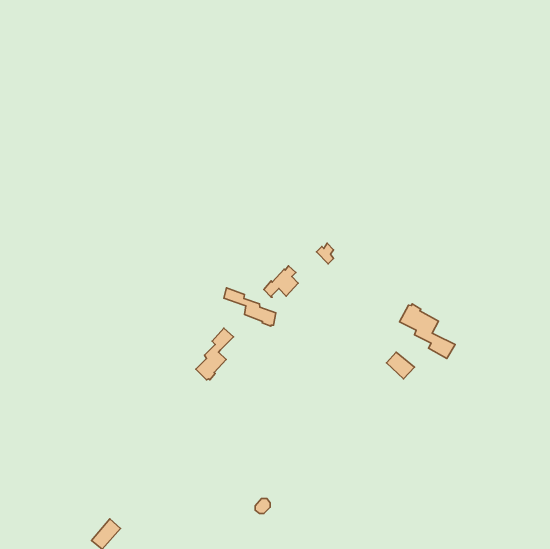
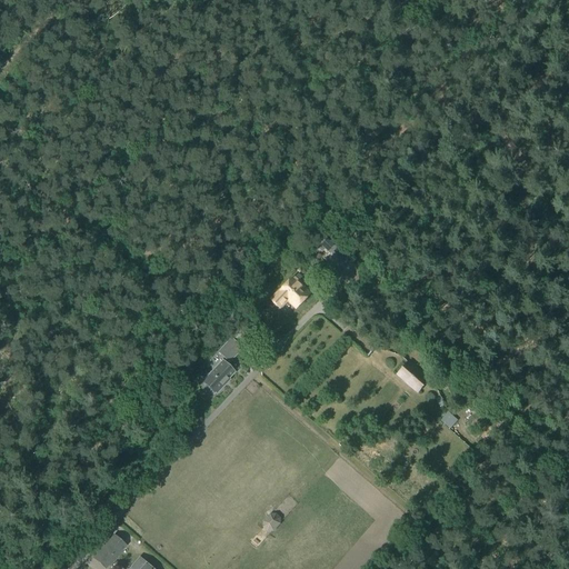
building: [224,288,276,326] -> none
building: [400,304,455,359] -> none

